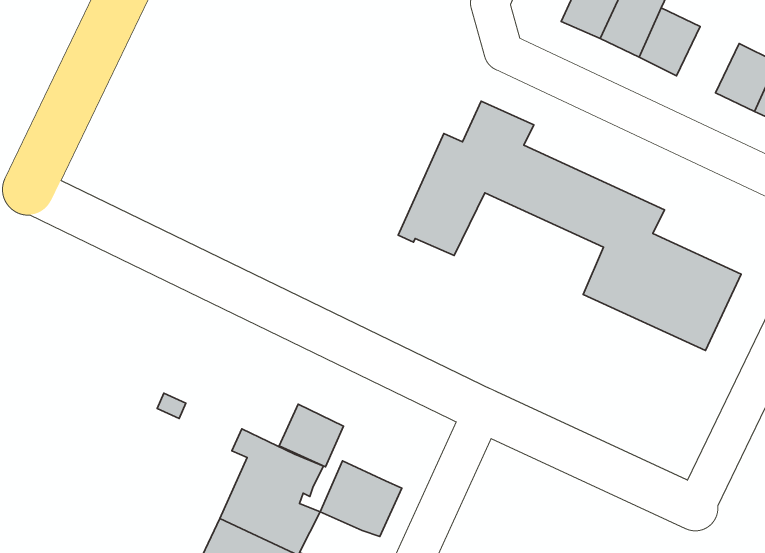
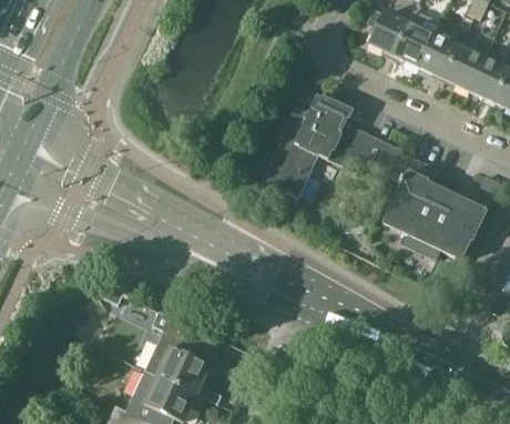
building: none -> [443,47,485,90]
building: [279,404,343,467] -> none
building: [320,461,402,536] -> none

